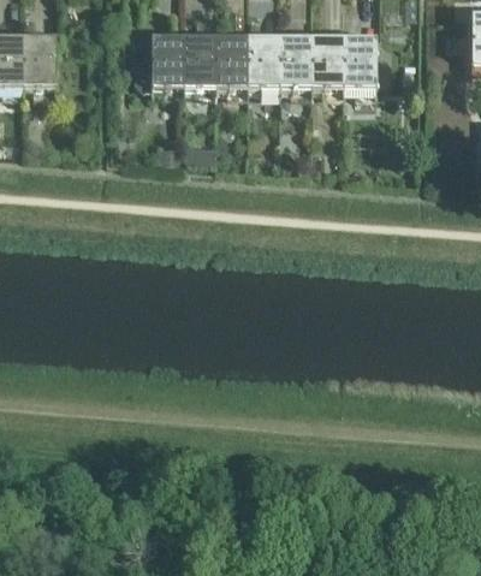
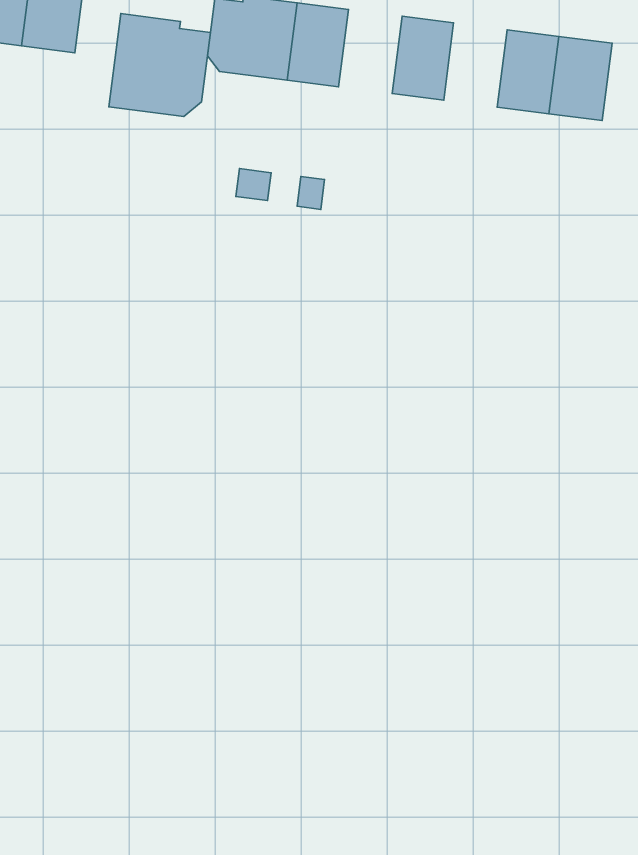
building: [215,36,248,83] -> none
building: [279,36,311,83] -> none
building: none -> [109,14,211,117]

